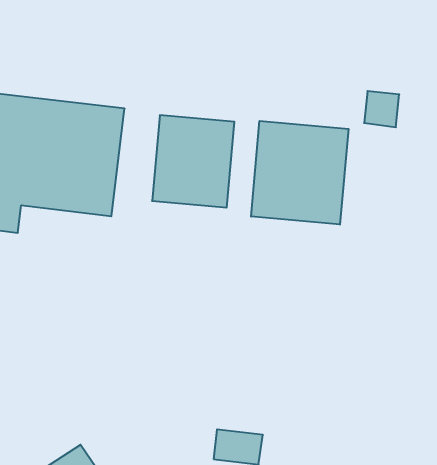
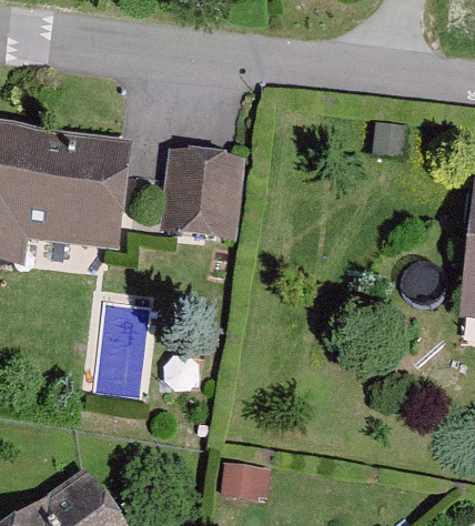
building: [251,121,349,225] -> none

